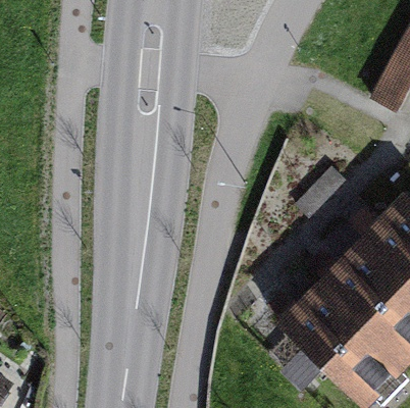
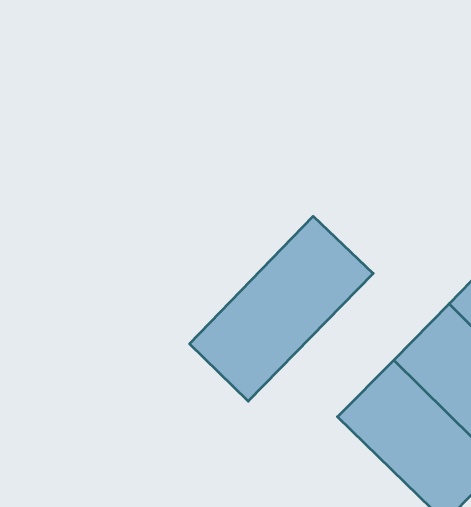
building: none -> [190,216,373,401]

